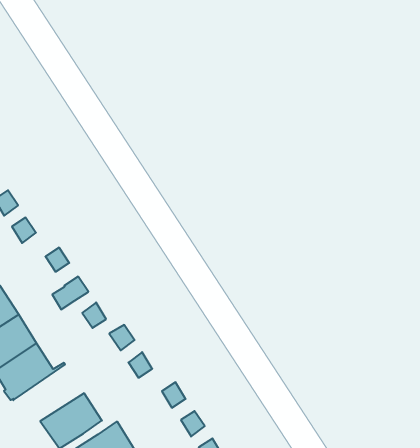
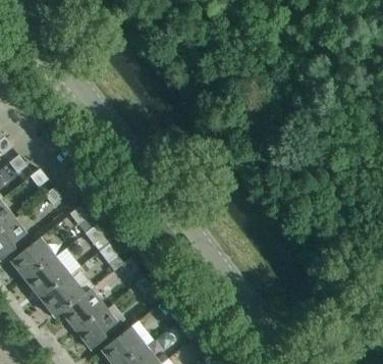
building: none -> [62,289,106,330]

